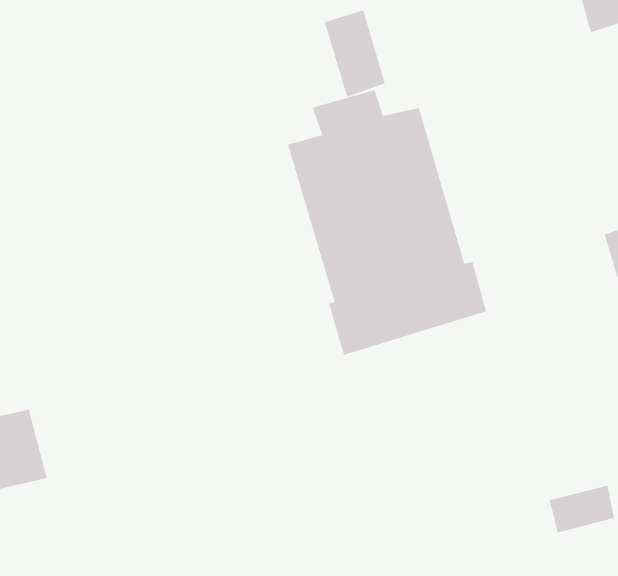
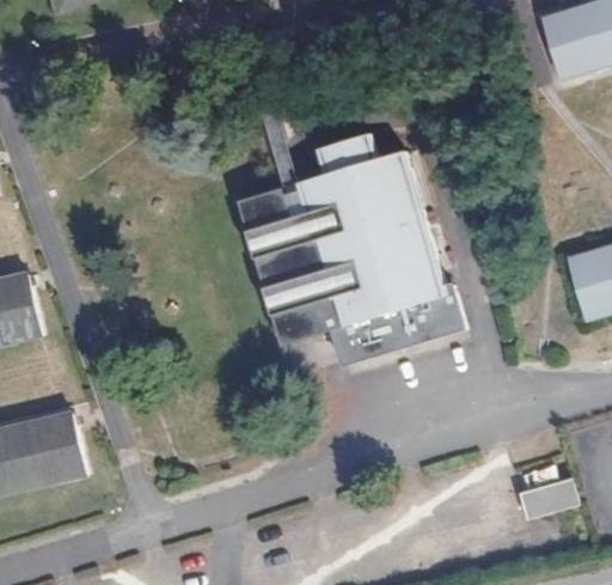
building: [324,10,385,98] -> none
building: none -> [235,183,335,346]

